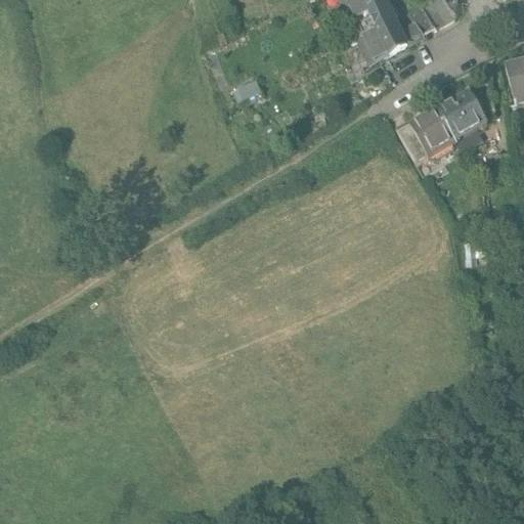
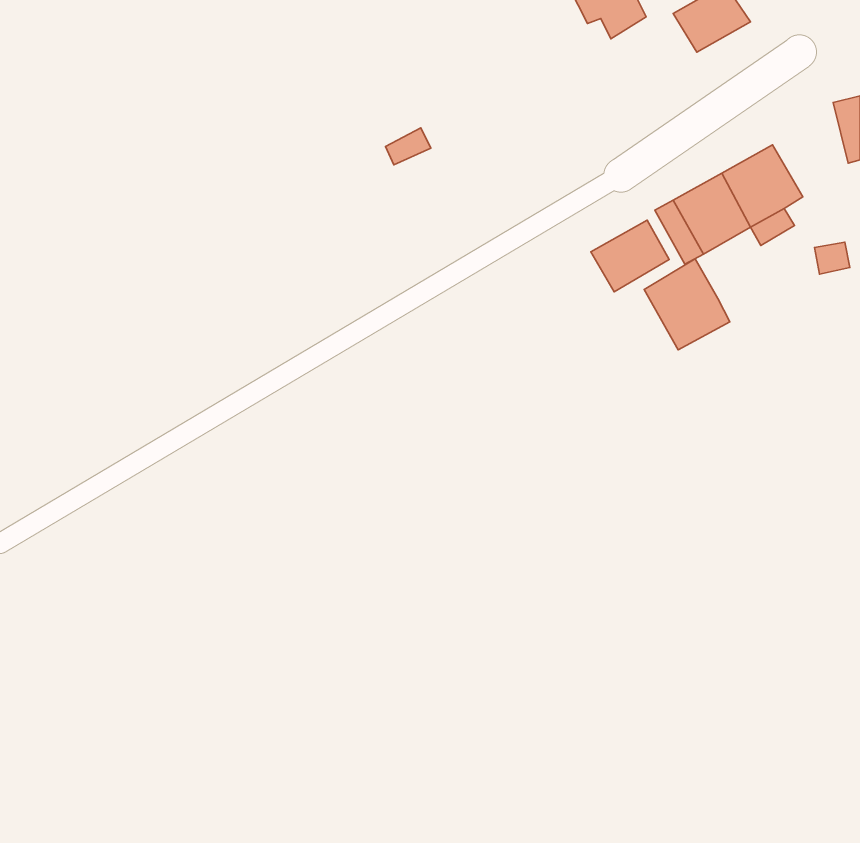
building: [351,10,407,61] -> none
building: none -> [591,220,669,292]
building: none -> [644,259,730,350]

